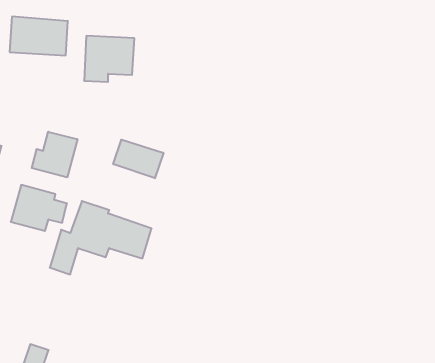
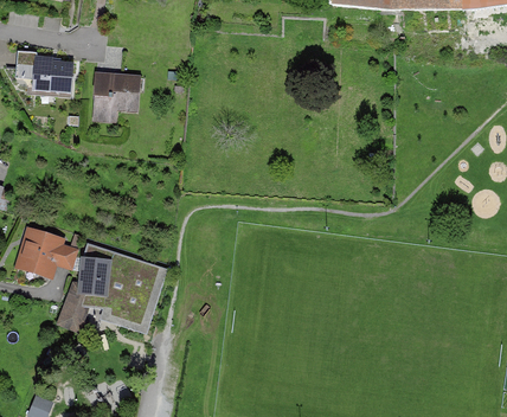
building: [32,132,77,177] -> none
building: [113,140,163,178] -> none

